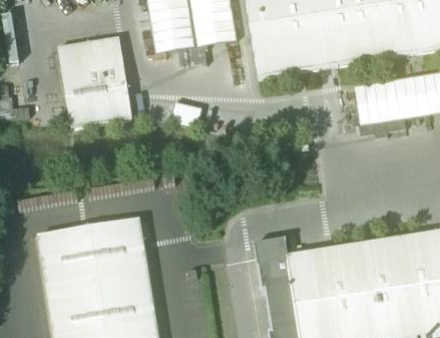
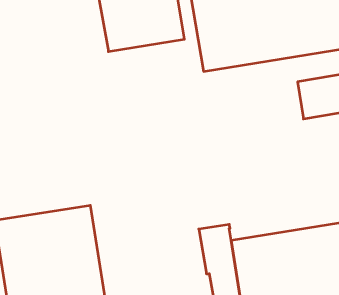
building: [57,35,131,126] -> none

